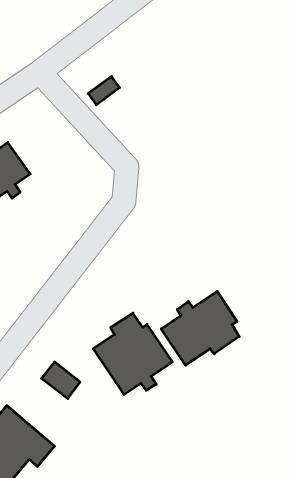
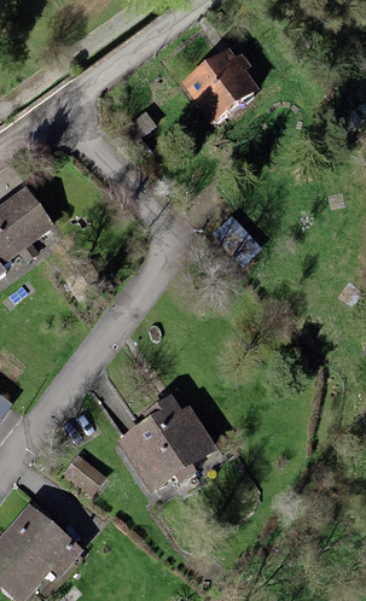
building: none -> [182,52,257,127]
building: [161,291,239,365] -> none

